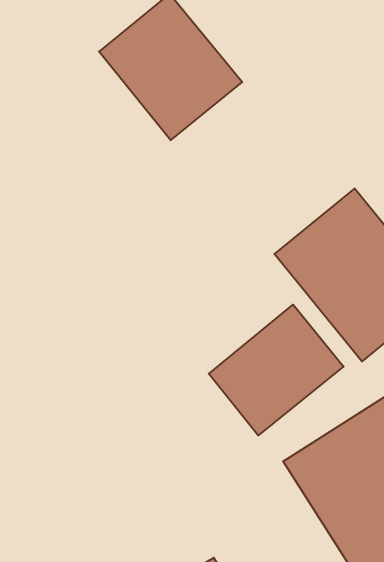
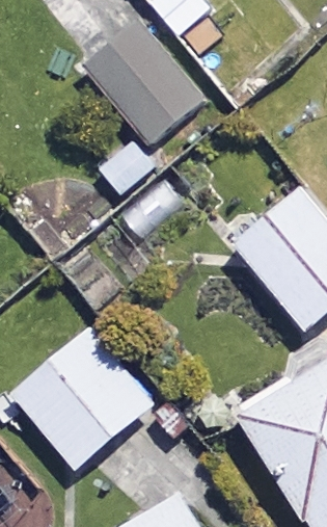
building: [209,305,344,435] -> none
building: none -> [10,327,153,470]

